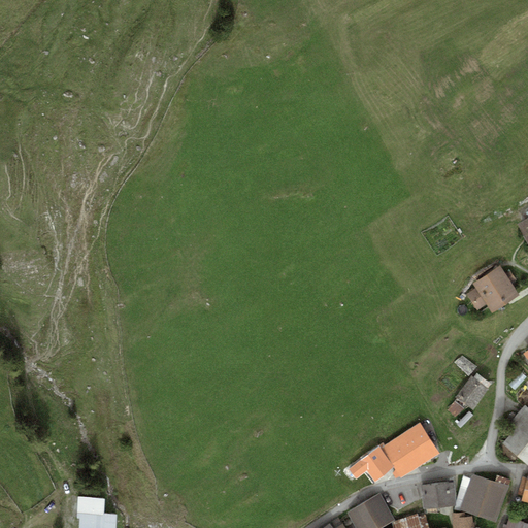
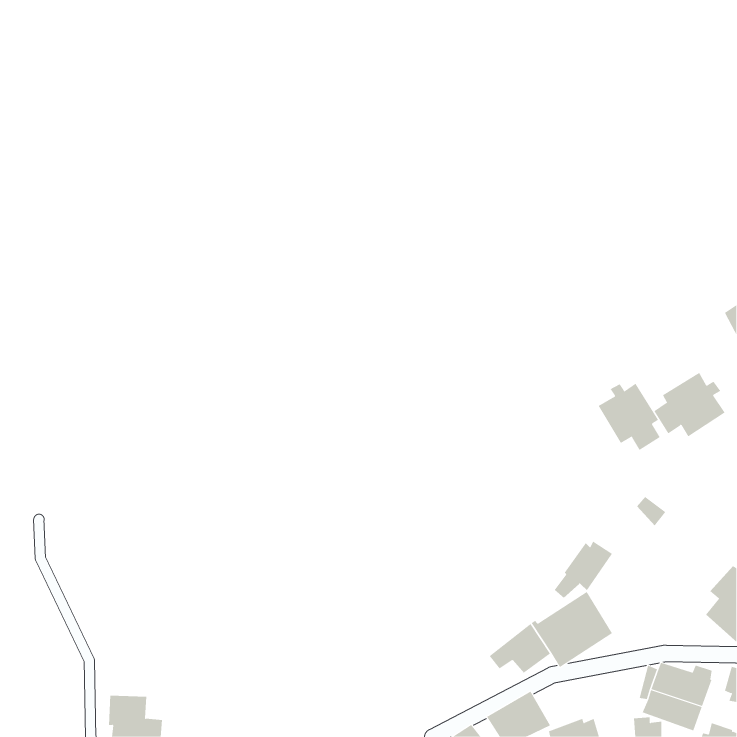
building: none -> [598,383,660,451]
building: [449,374,491,416] -> [554,541,613,599]
building: [420,482,455,508] -> none

